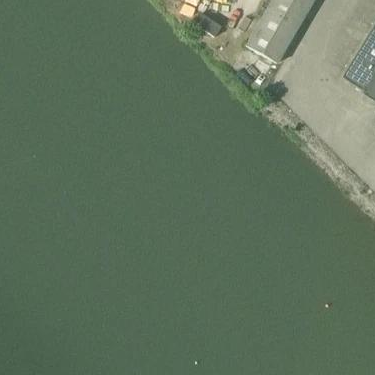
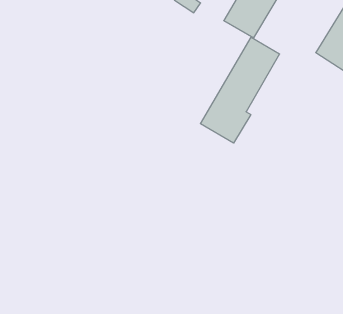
building: none -> [200,37,280,143]

